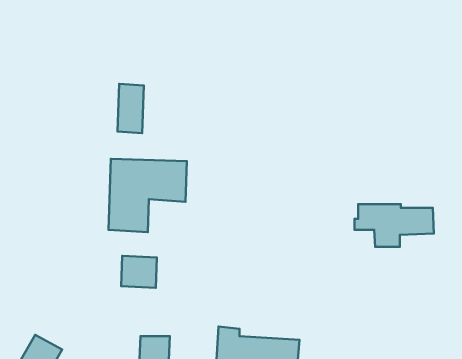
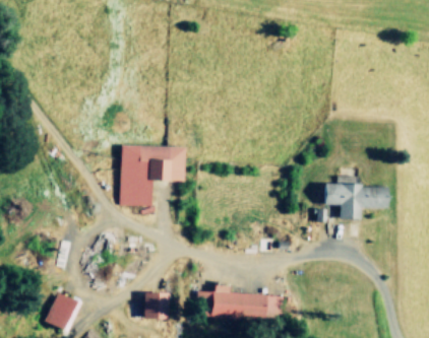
building: [118,84,144,133] -> none
building: [121,256,157,288] -> none

